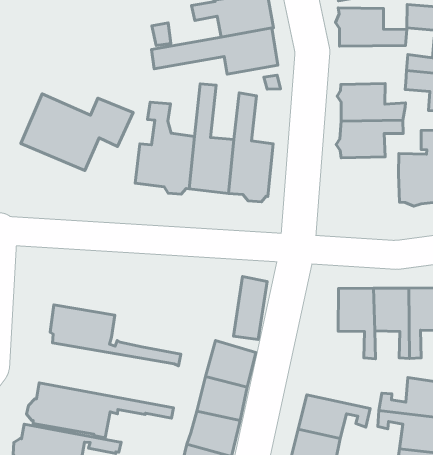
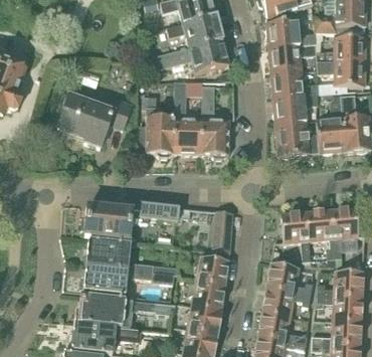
building: none -> [269,44,317,74]
building: none -> [275,122,320,157]
building: none -> [82,203,190,240]
building: none -> [83,266,174,296]
building: none -> [266,264,313,295]

